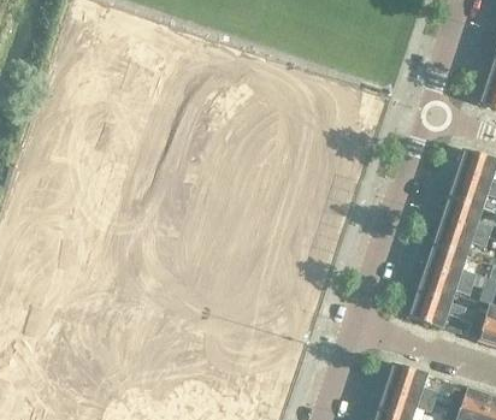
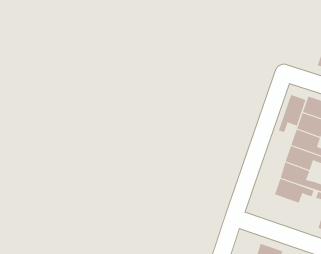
building: none -> [278,94,306,133]
building: [408,290,478,327] -> none

